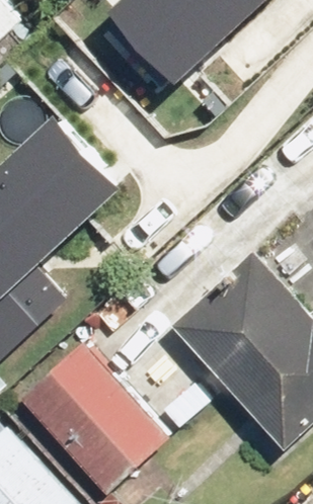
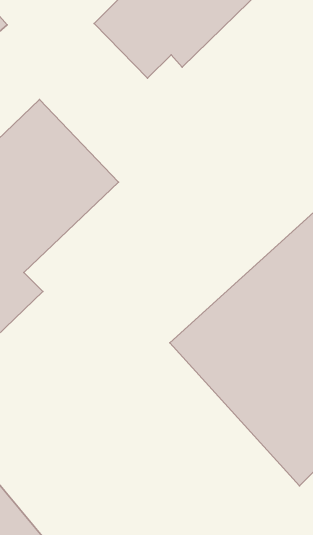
building: [26,345,165,494] -> none

